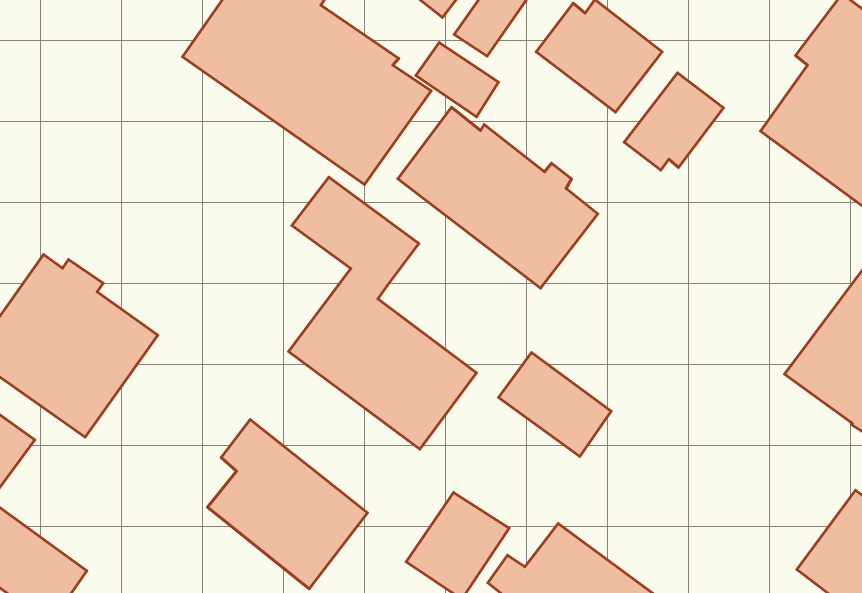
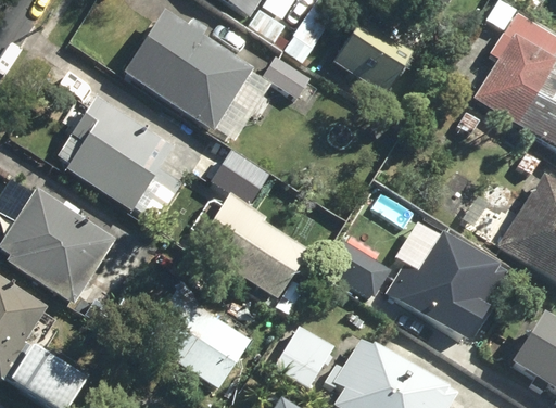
building: [624,73,723,170] -> none
building: none -> [58,97,182,222]
building: [398,107,598,288] -> none
building: none -> [387,230,507,342]

